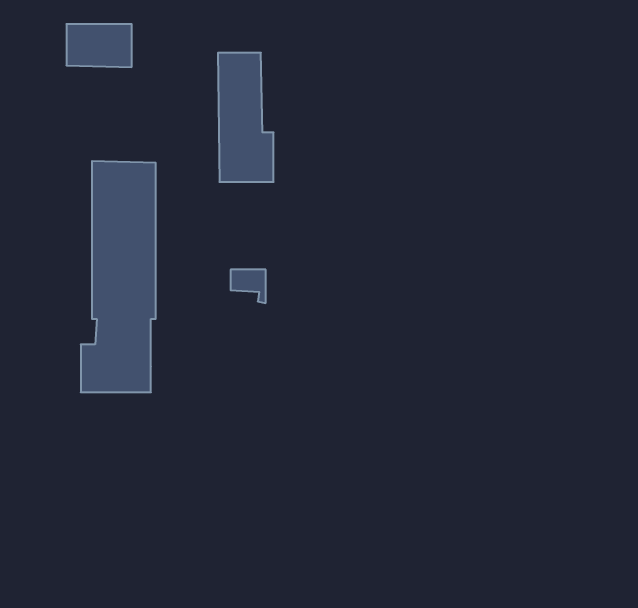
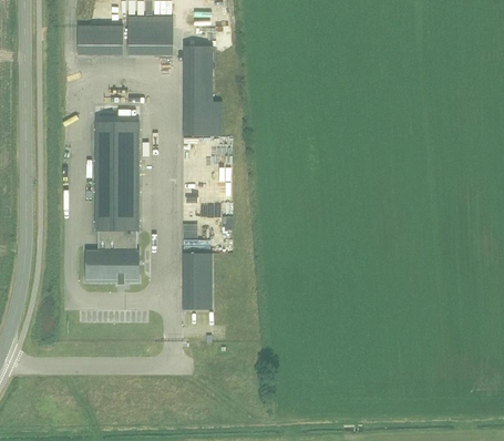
building: none -> [127,17,173,55]
building: none -> [183,252,212,309]

